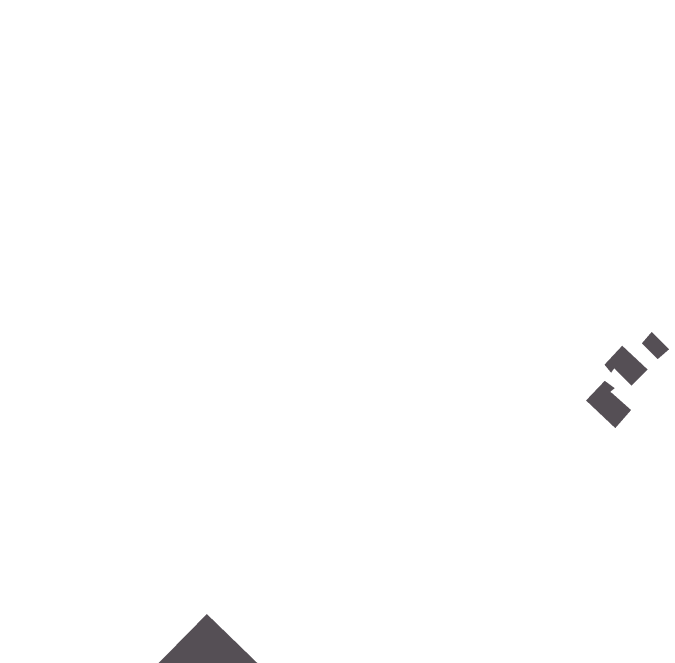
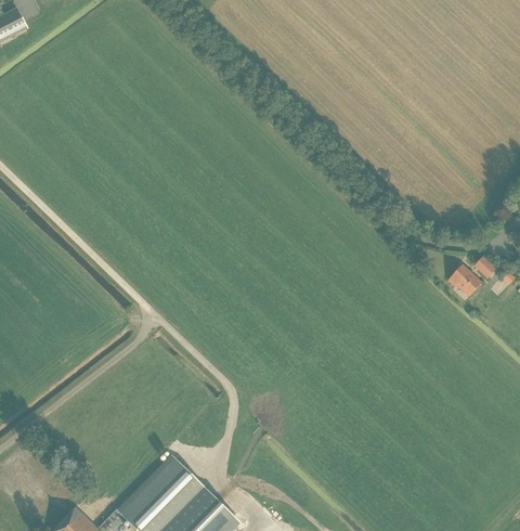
building: [585,380,632,429] -> none

